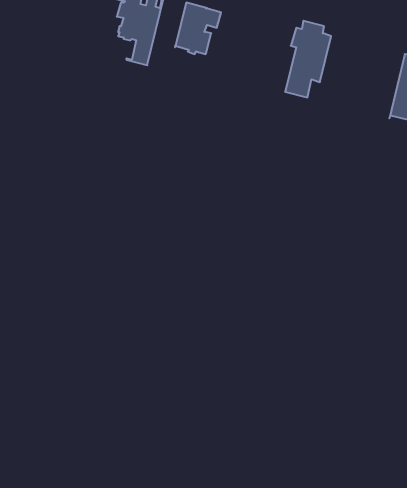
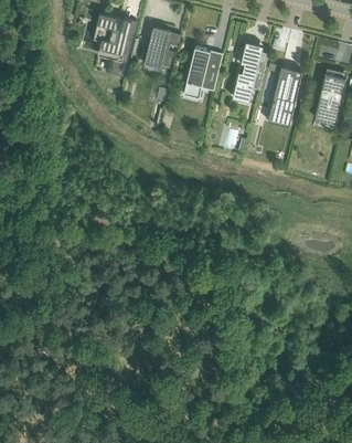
building: none -> [183,45,223,97]
building: none -> [267,64,302,125]

